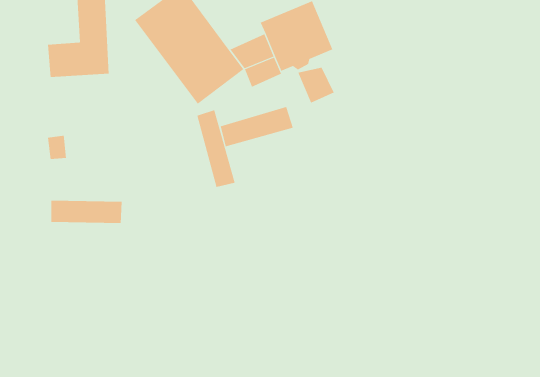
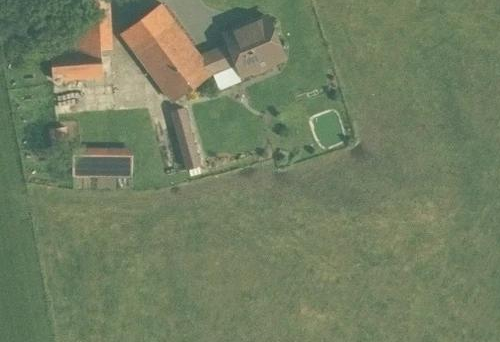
building: [297,67,334,104] -> none
building: [220,106,293,147] -> none
building: [51,200,123,223] -> [72,155,131,174]

